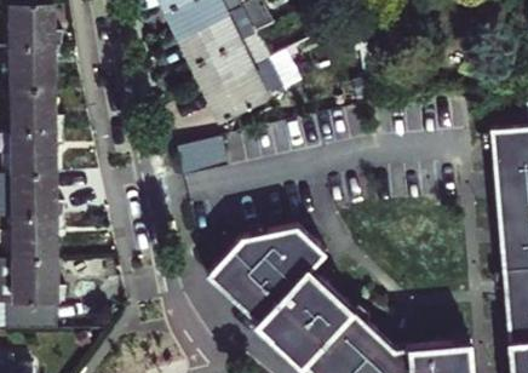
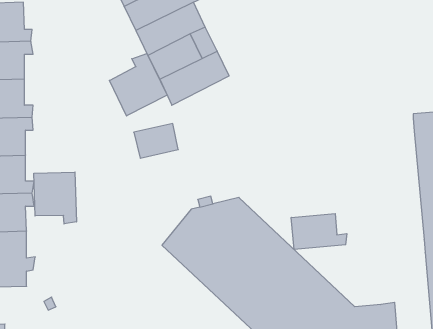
building: none -> [109,53,167,116]
building: none -> [34,172,76,224]
building: none -> [291,214,347,249]

